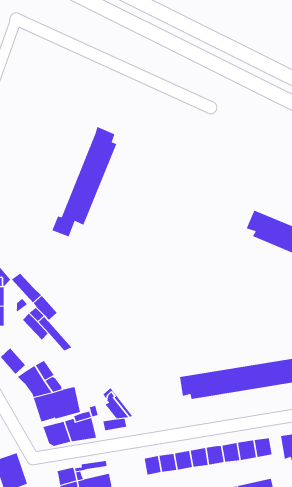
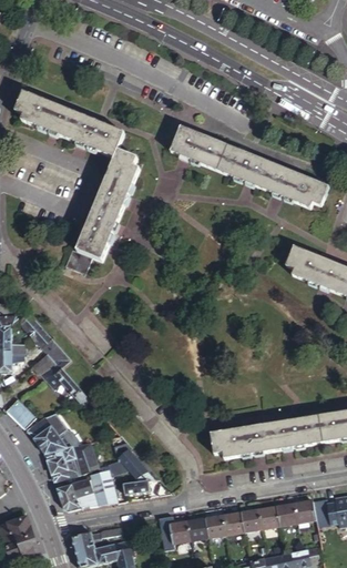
building: none -> [16,91,124,156]
building: none -> [171,125,328,205]

